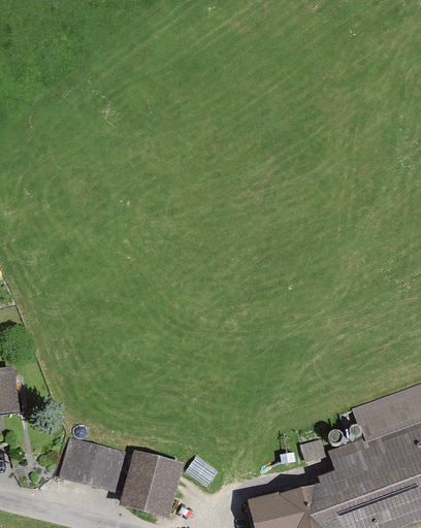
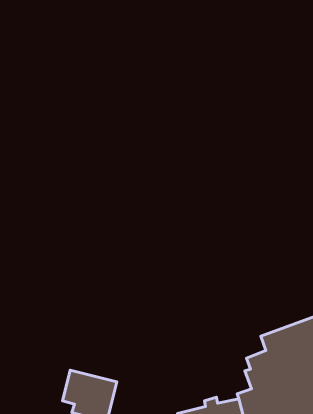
building: [64,439,123,486] -> none

